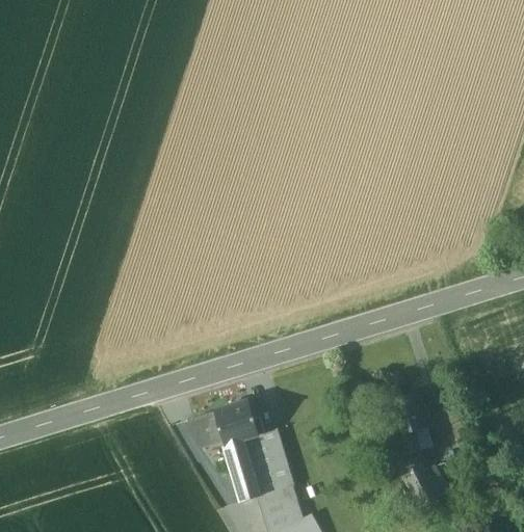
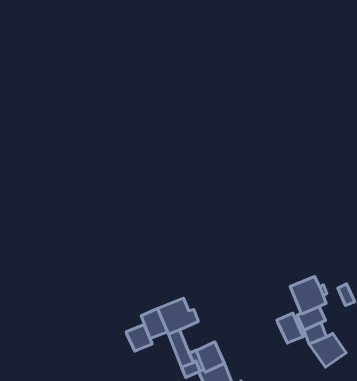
building: [255,430,282,470] -> none
building: none -> [126,324,152,351]
building: none -> [277,313,303,343]

